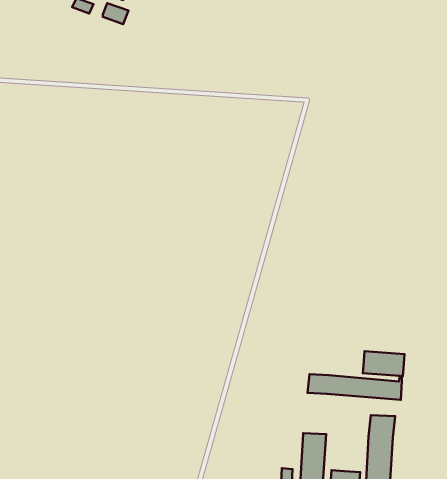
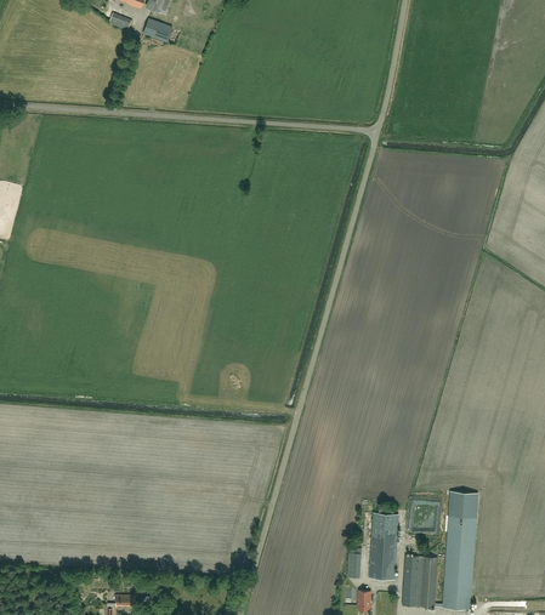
building: [307,351,404,400] -> none

